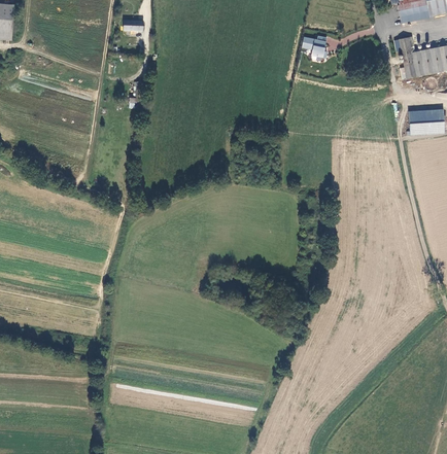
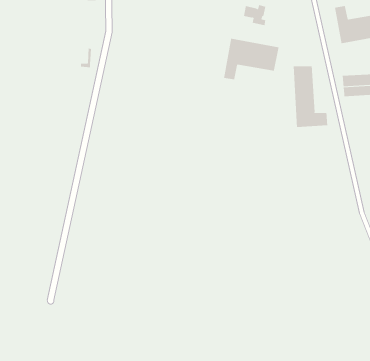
building: none -> [223,38,279,80]
building: none -> [293,66,328,128]

